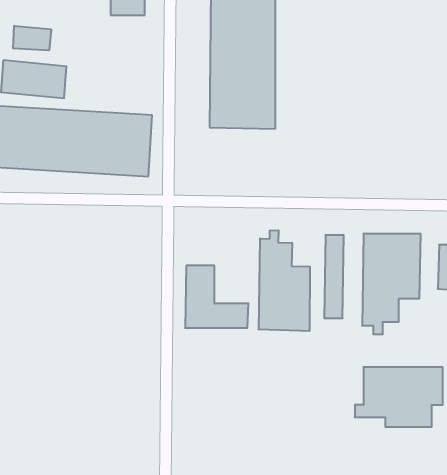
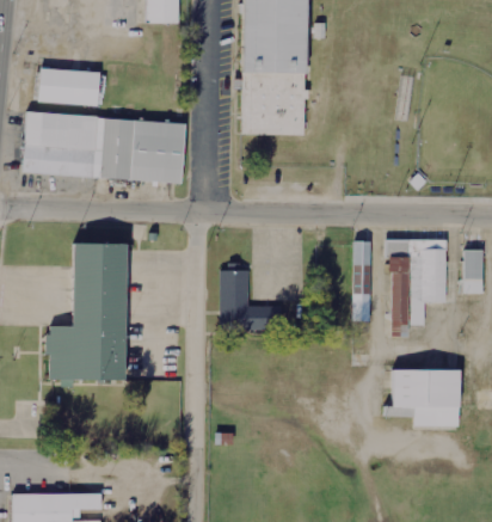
building: [13,26,51,50] -> none
building: [259,230,310,331] -> none
building: none -> [45,241,127,379]

